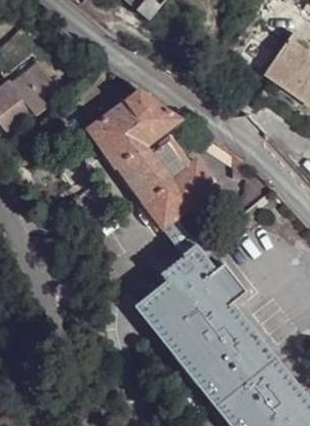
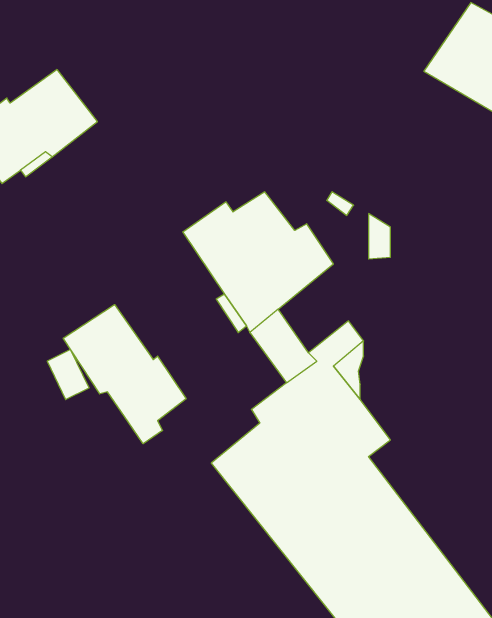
building: [88,91,179,167] -> none
building: none -> [63,305,186,444]

